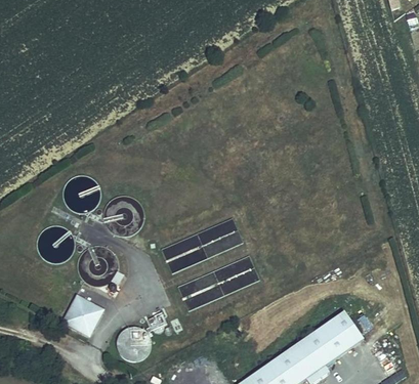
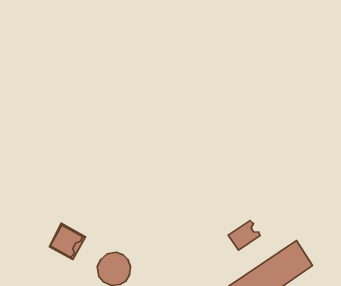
building: none -> [228,220,260,250]

